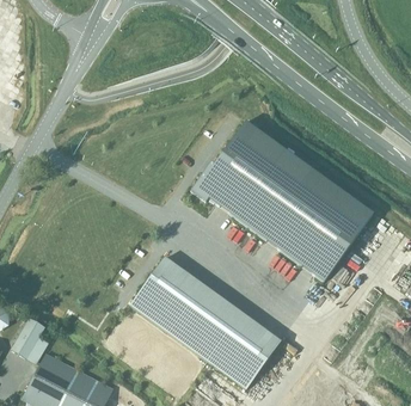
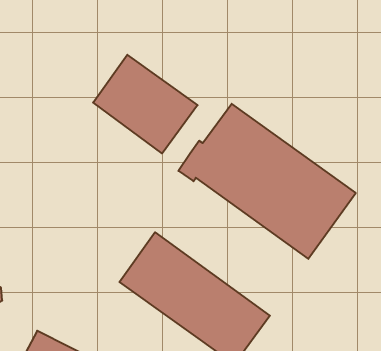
building: none -> [93,55,198,153]
building: [11,318,44,357] -> none

